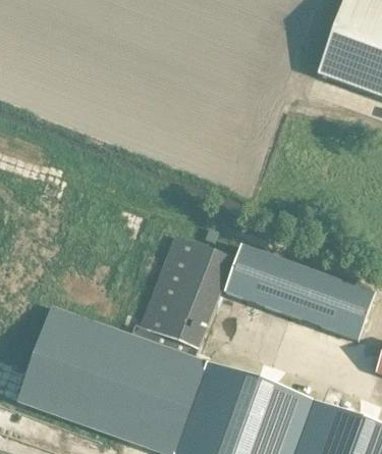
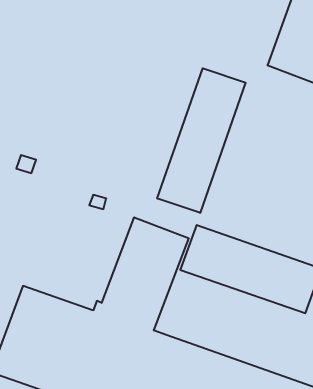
building: none -> [157,68,246,213]

